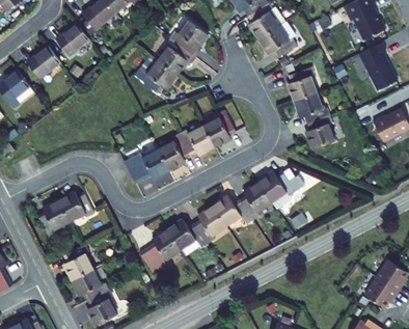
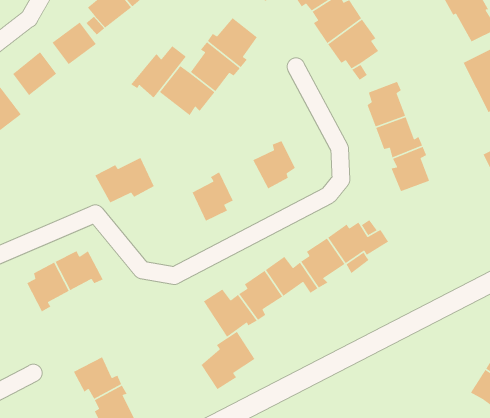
building: none -> [130,45,187,99]
building: [180,125,215,155] -> none
building: [125,148,169,183] -> [94,157,155,204]
building: [140,228,181,272] -> [200,331,255,390]
building: [63,244,93,280] -> none

